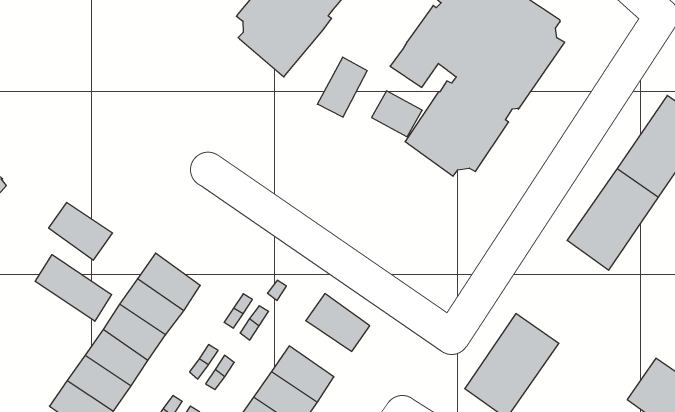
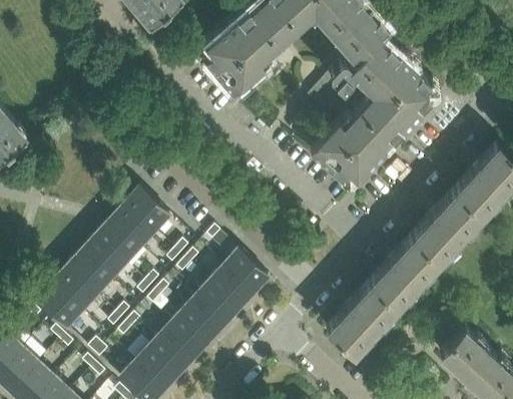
building: [317,57,367,117] -> none
building: [49,202,113,260] -> [124,188,168,232]
building: none -> [370,237,439,308]
building: [35,255,112,321] -> none
building: none -> [208,267,251,309]

